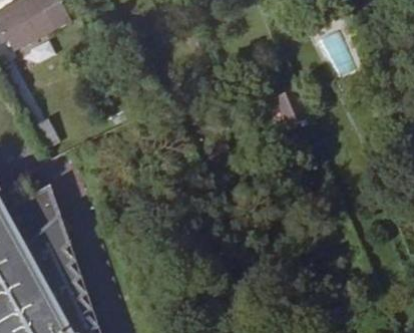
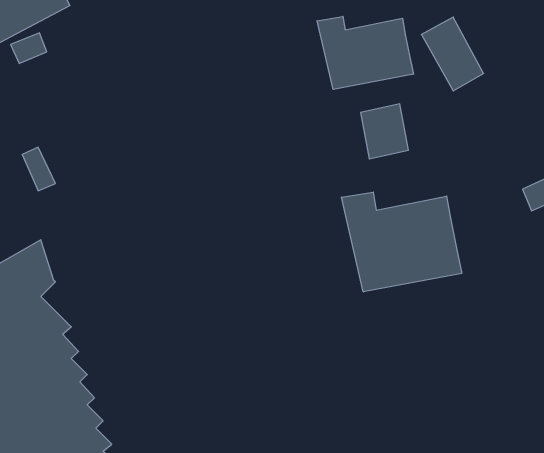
building: none -> [317,16,413,89]
building: none -> [342,192,462,292]

